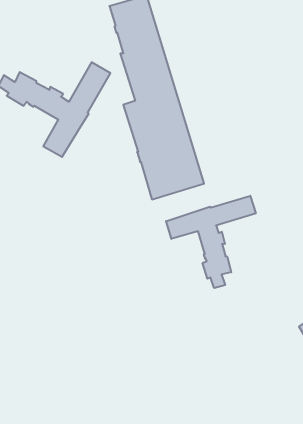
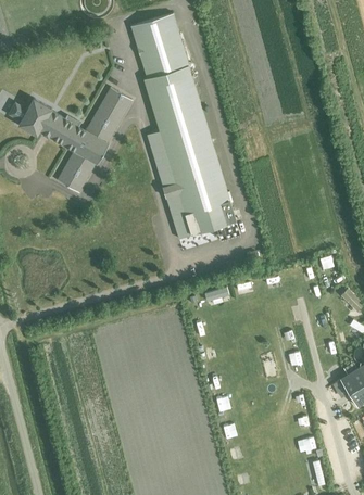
building: [166,196,256,288] -> none

